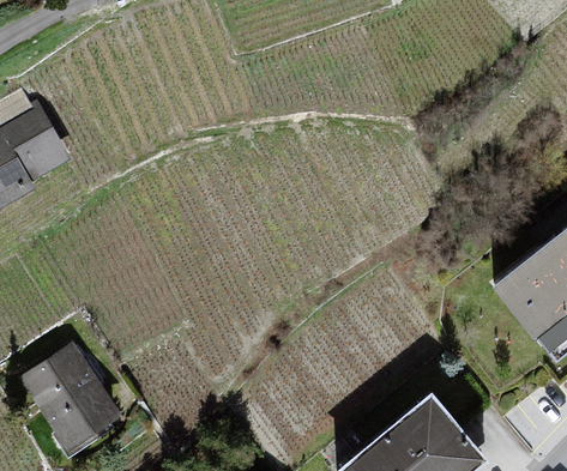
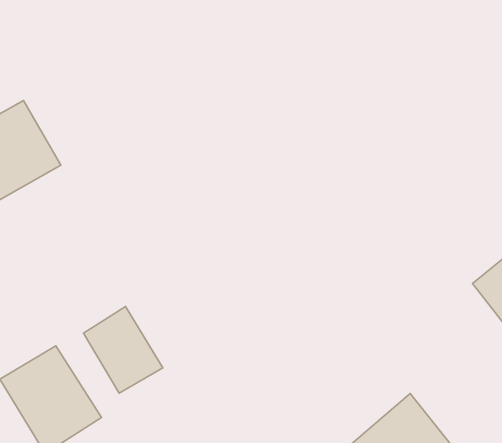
building: none -> [83,307,163,393]

